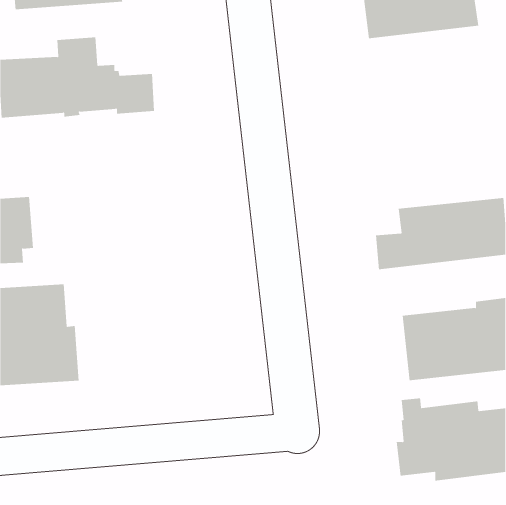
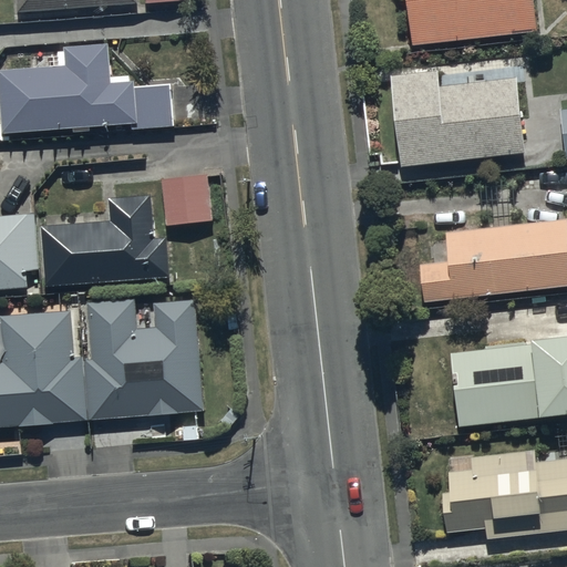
building: none -> [390,69,520,164]
building: none -> [163,181,213,231]
building: none -> [44,203,169,295]
building: none -> [84,302,205,425]

